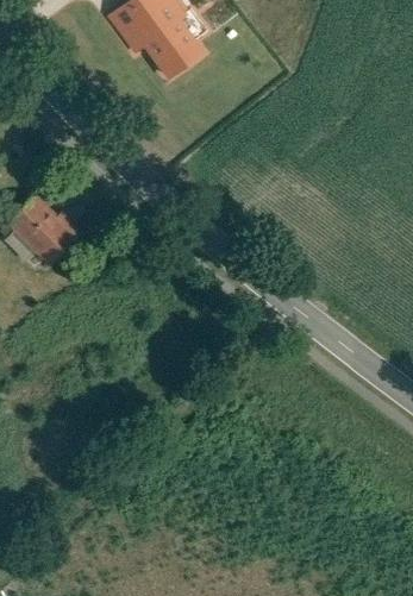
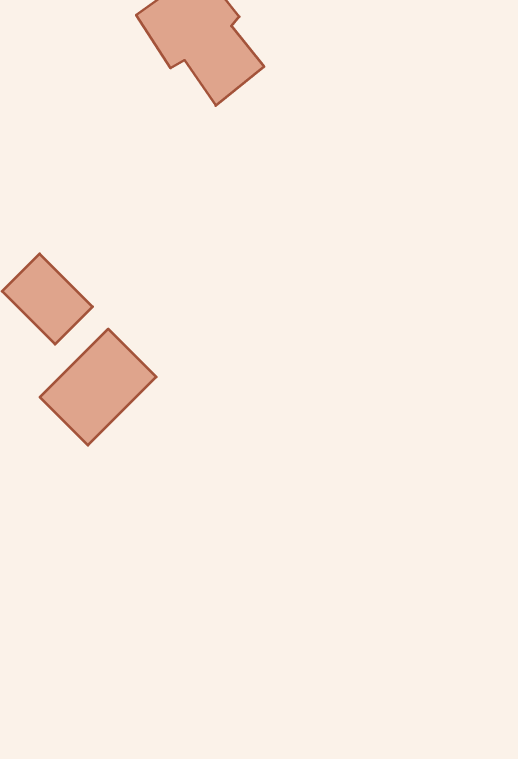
building: none -> [40,329,156,445]

